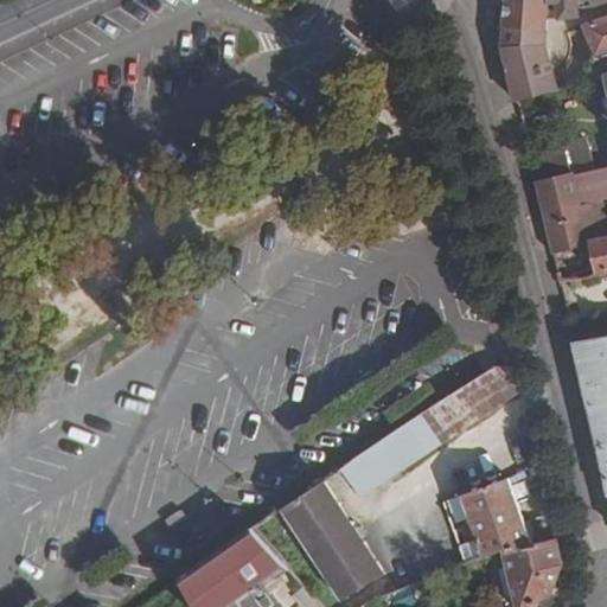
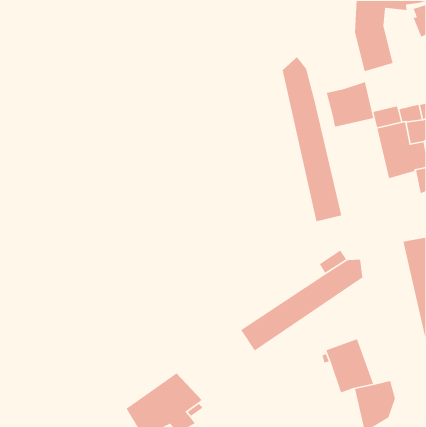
building: none -> [282,56,342,222]
building: none -> [326,81,374,128]
building: [281,481,383,601] -> none

